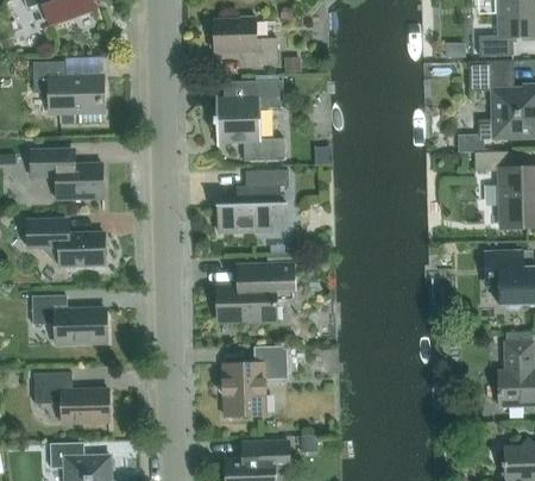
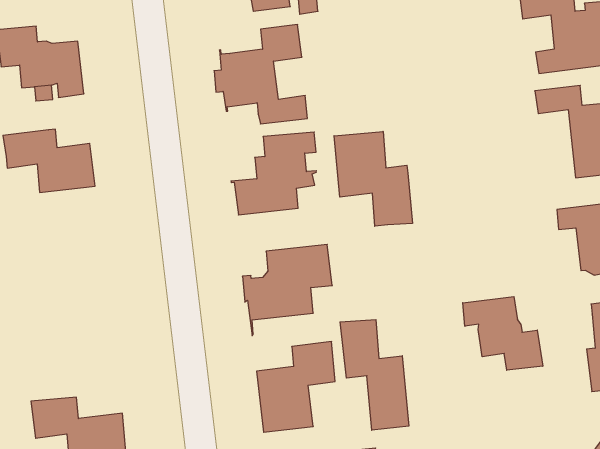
building: none -> [334,131,412,226]
building: [26,219,105,274] -> none
building: [31,295,107,343] -> none
building: none -> [463,297,543,370]
building: none -> [340,320,409,430]

